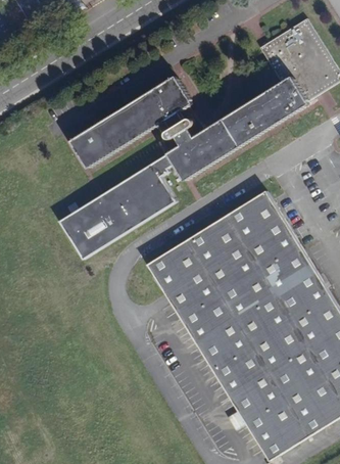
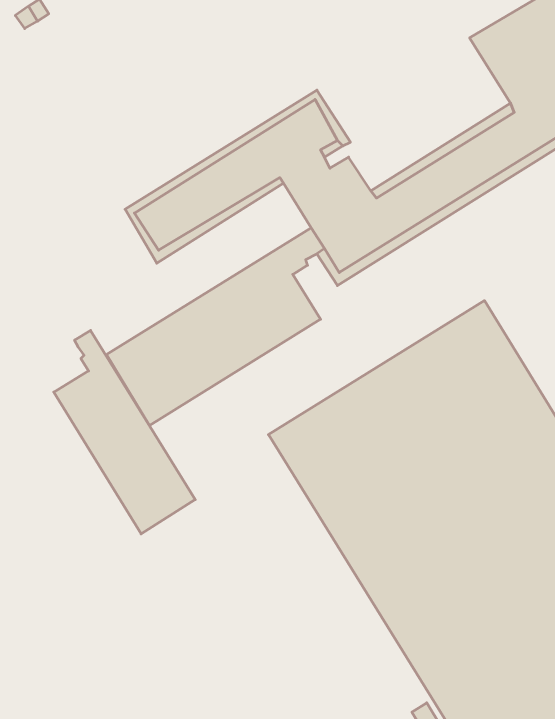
building: none -> [54,330,195,534]

